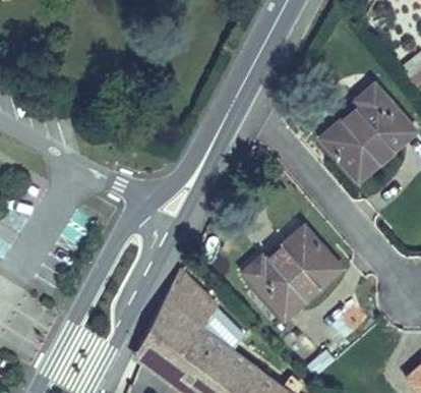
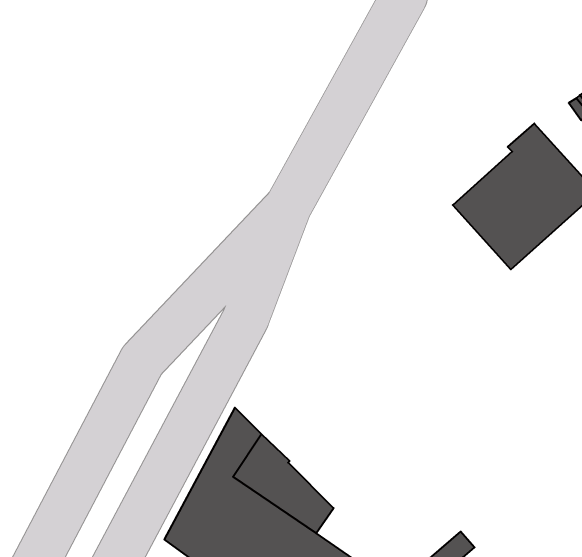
building: [244,227,341,319] -> none

